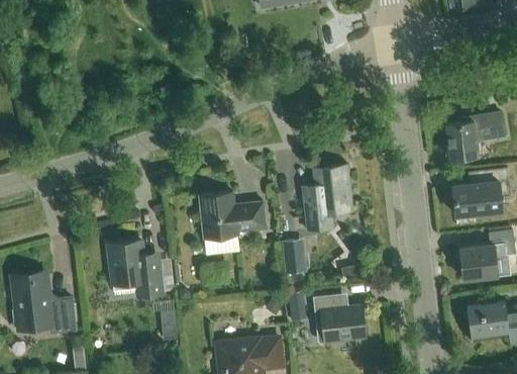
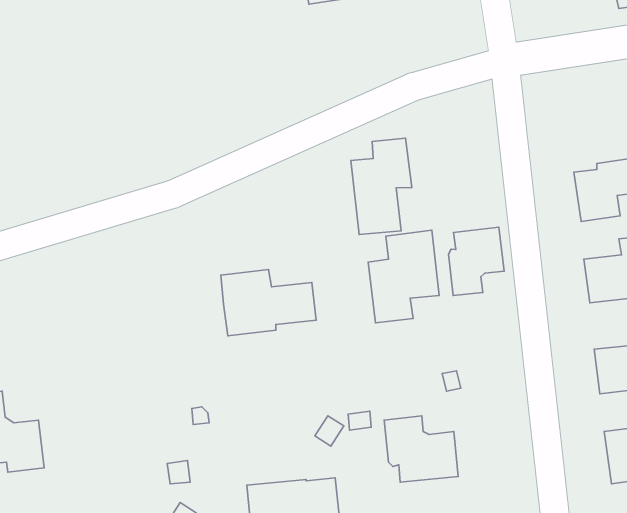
building: none -> [351,138,412,234]
building: none -> [449,227,504,295]
building: [283,239,307,273] -> none
building: [108,241,163,296] -> none

